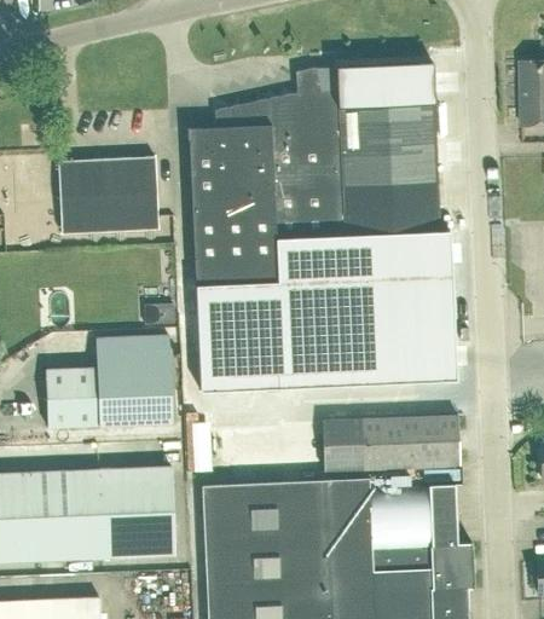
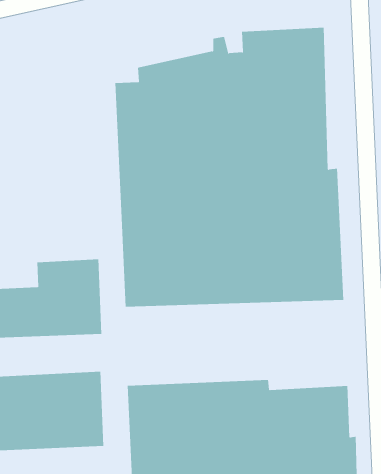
building: [58,156,160,241] -> none
building: [323,393,459,469] -> none

